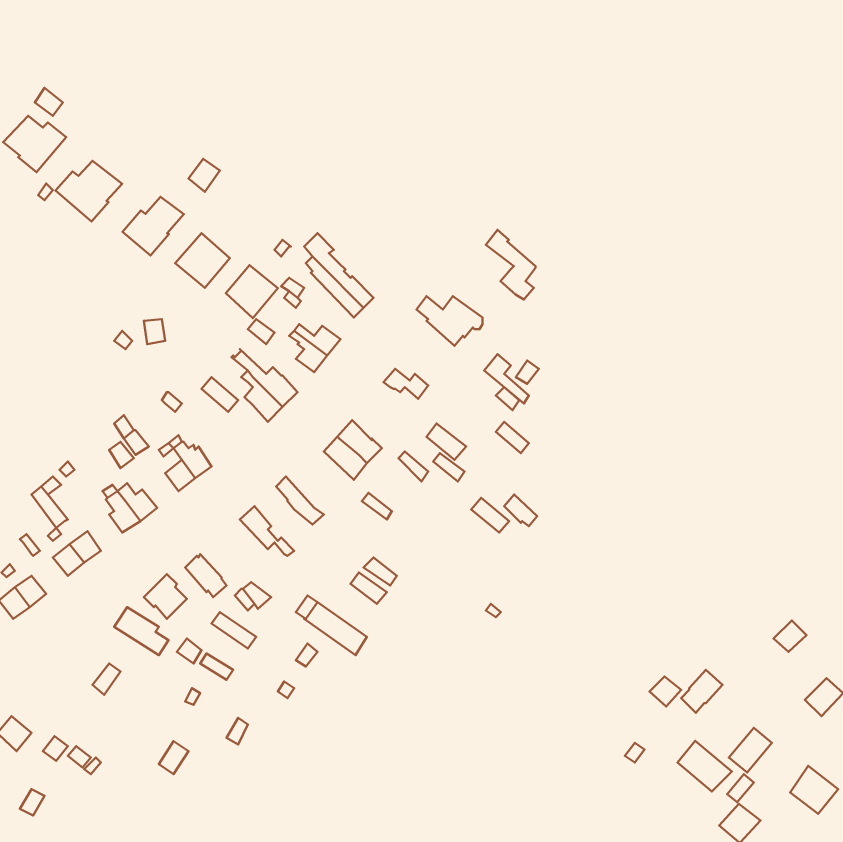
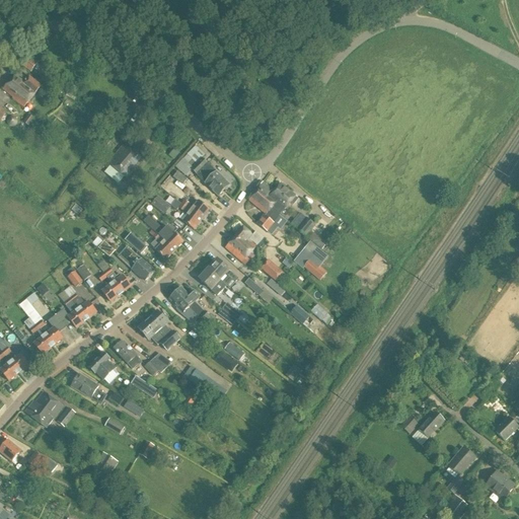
building: [55,161,122,221] -> none
building: [122,197,184,255] -> none
building: [486,230,535,299] -> [248,190,279,232]
building: [226,265,278,318] -> none
building: none -> [225,234,256,262]
building: none -> [120,245,153,280]
building: none -> [175,287,209,319]
building: none -> [137,318,176,350]
building: none -> [24,390,62,426]
building: [678,741,732,792] -> none

